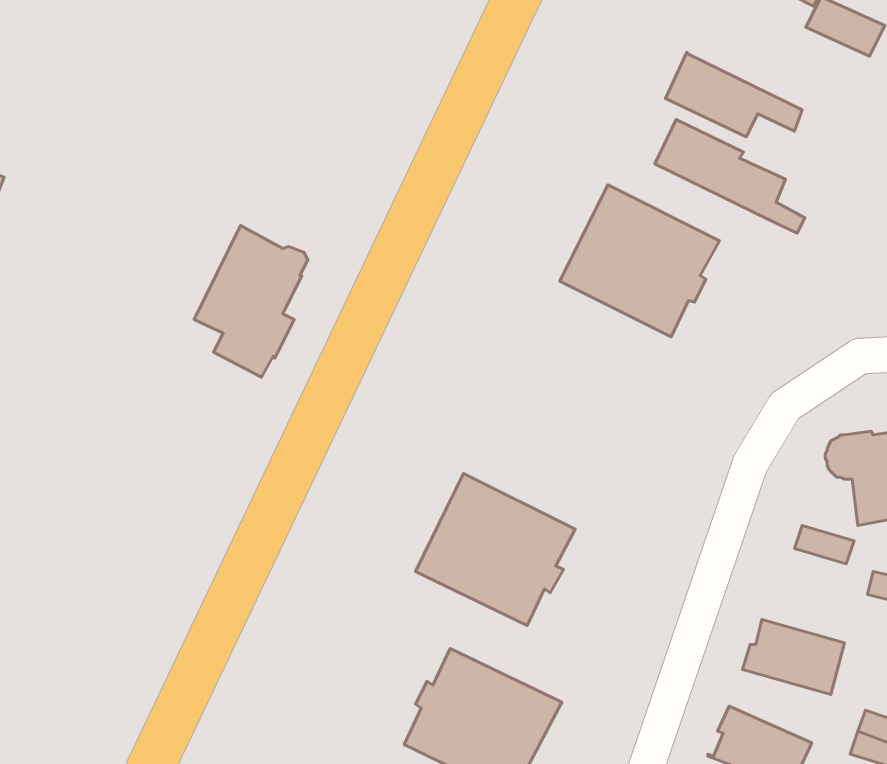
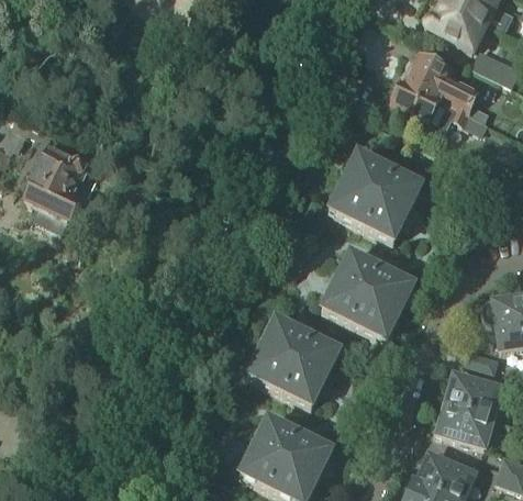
building: [655,120,805,233] -> [403,53,489,118]
building: [194,225,308,377] -> [22,144,87,231]
building: none -> [322,252,413,338]
building: none -> [445,370,501,414]

